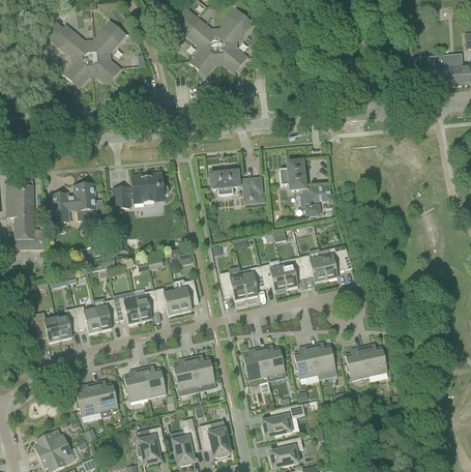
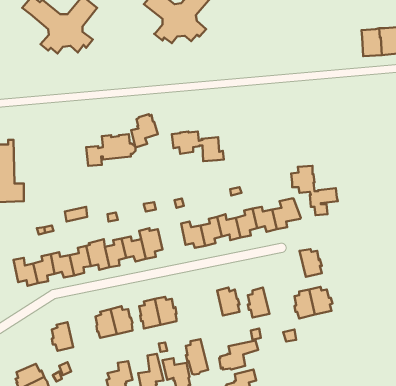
building: none -> [131,114,158,148]
building: [279,160,331,215] -> [291,166,338,215]
building: [53,184,104,223] -> none
building: [311,343,335,374] -> [299,249,322,277]
building: [243,348,268,387] -> [186,339,208,375]
building: [93,380,118,411] -> none

